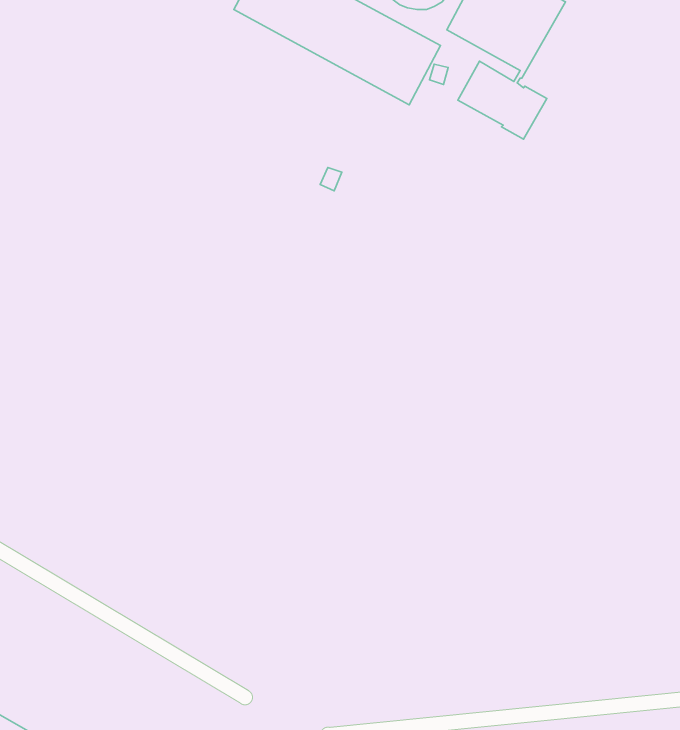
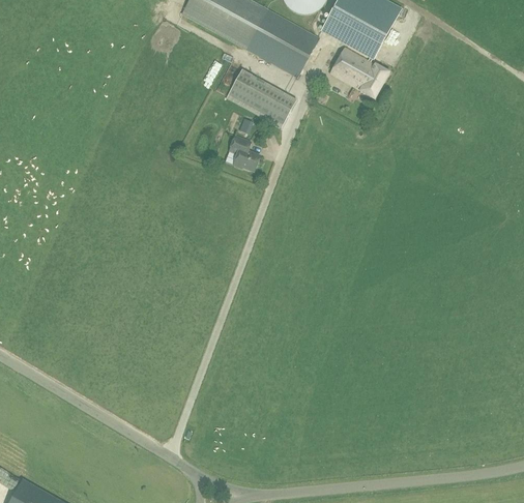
building: none -> [230,68,293,124]
building: none -> [229,136,260,171]

